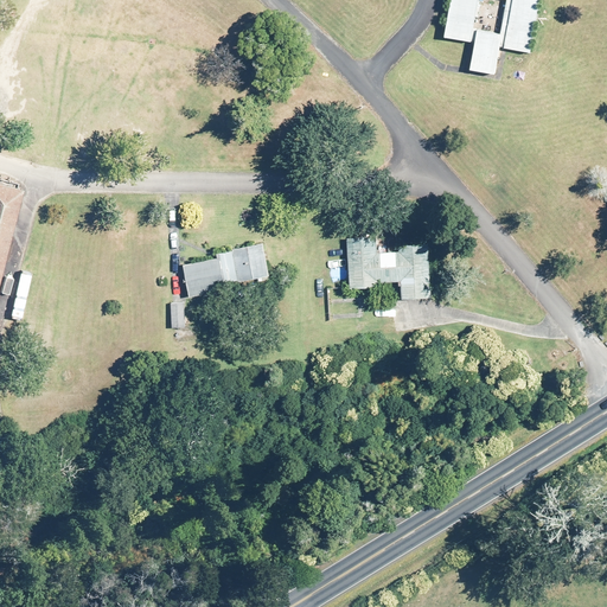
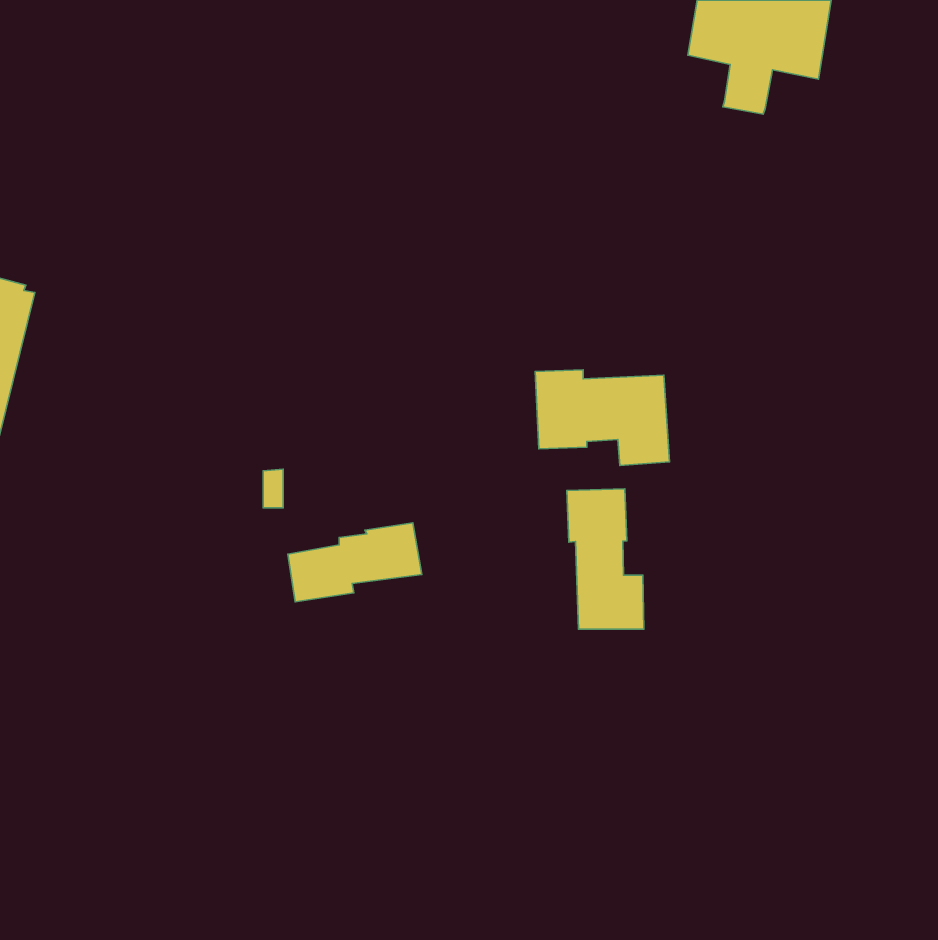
building: [181,244,268,295] -> [288,523,422,602]
building: none -> [567,489,644,629]

